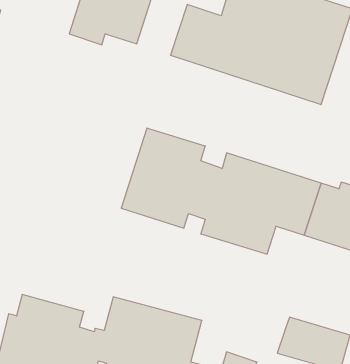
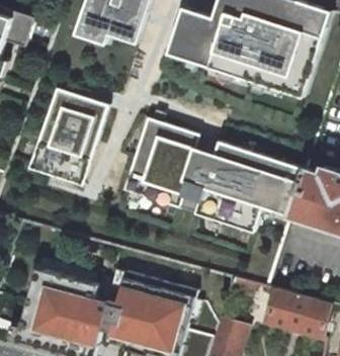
building: none -> [30,90,108,186]

